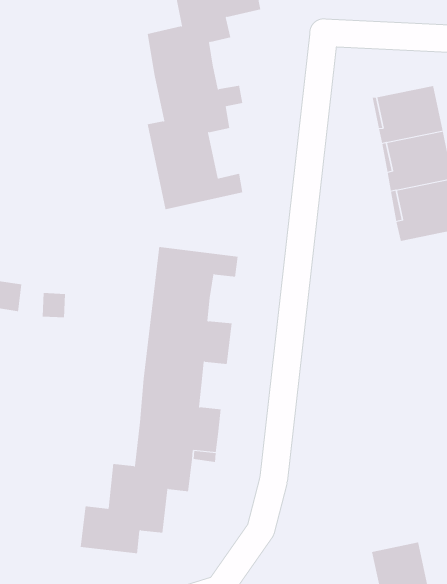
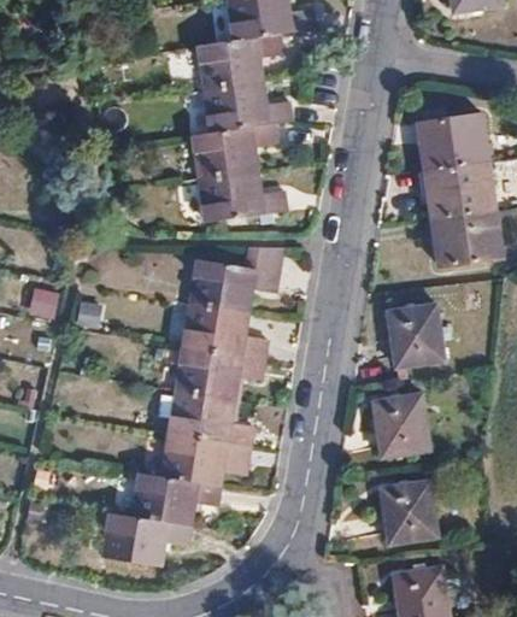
building: none -> [388,304,442,365]
building: none -> [374,394,427,456]
building: none -> [381,481,436,542]

